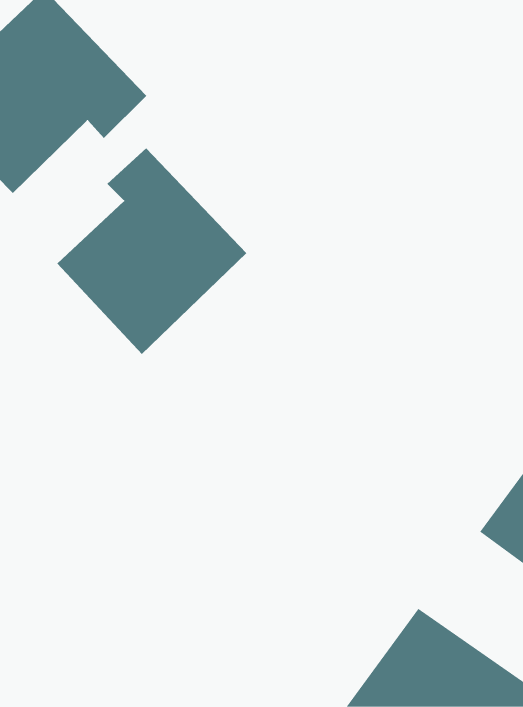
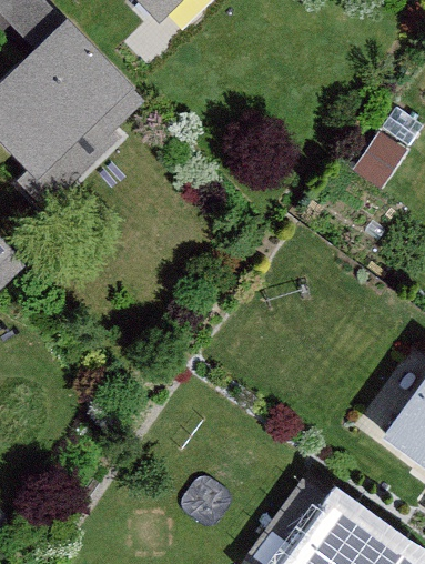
building: [56,148,247,355] -> none

